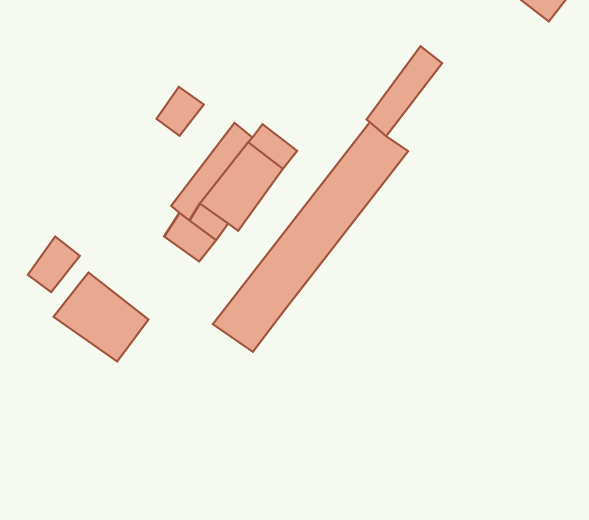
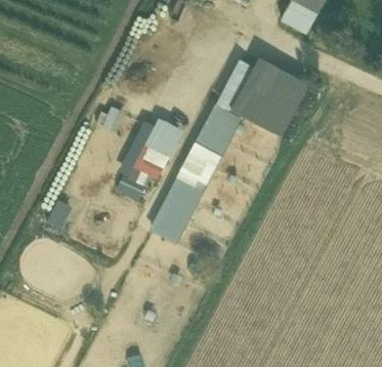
building: none -> [231,62,306,134]
building: [53,273,148,362] -> none

